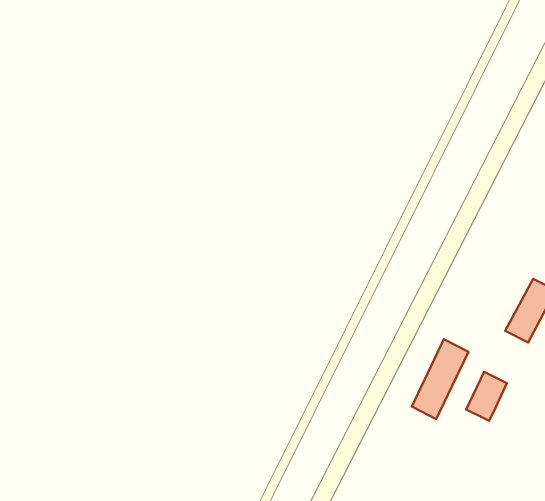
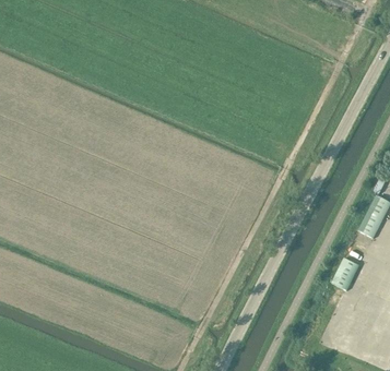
building: [412,339,468,419] -> none

